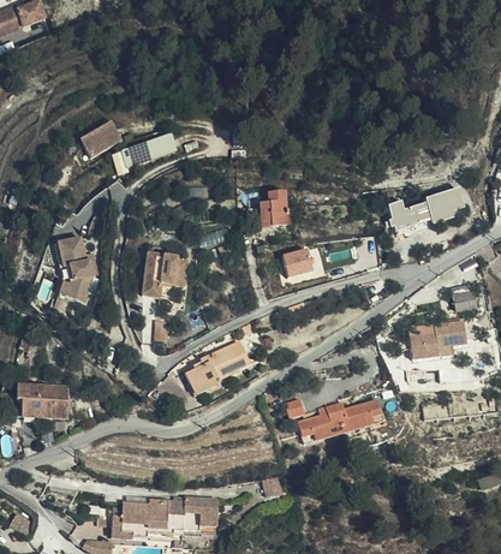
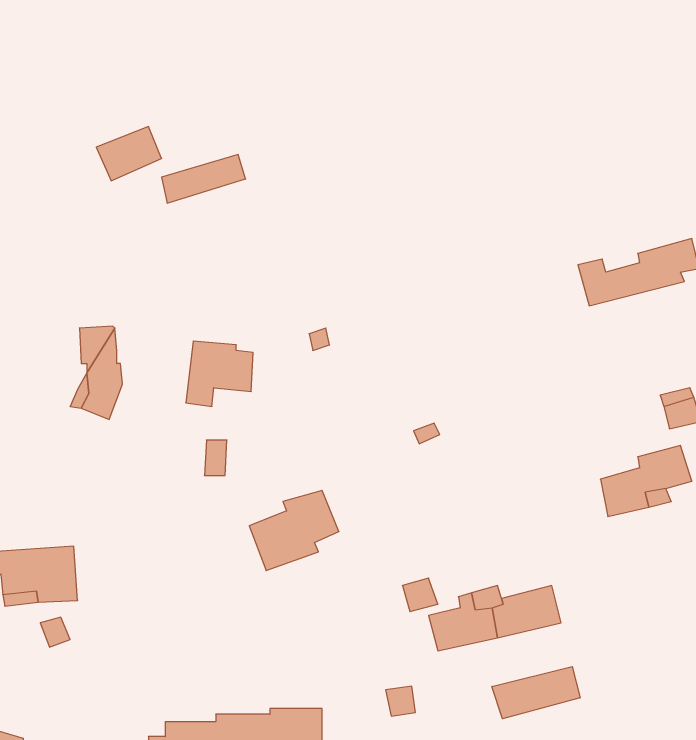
building: [256,186,291,224] -> none
building: [286,246,318,278] -> none
building: none -> [492,667,580,719]

